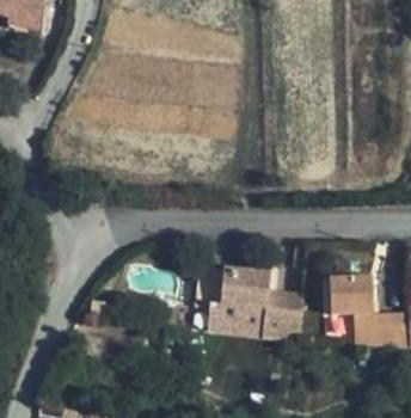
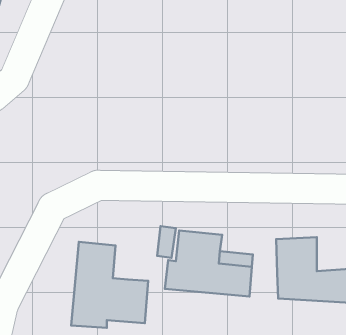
building: none -> [71,242,148,328]

